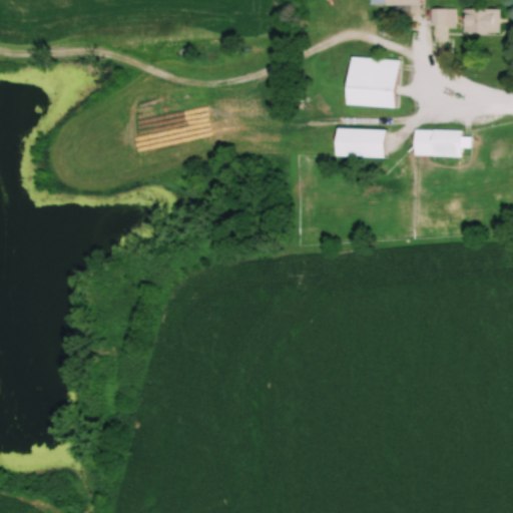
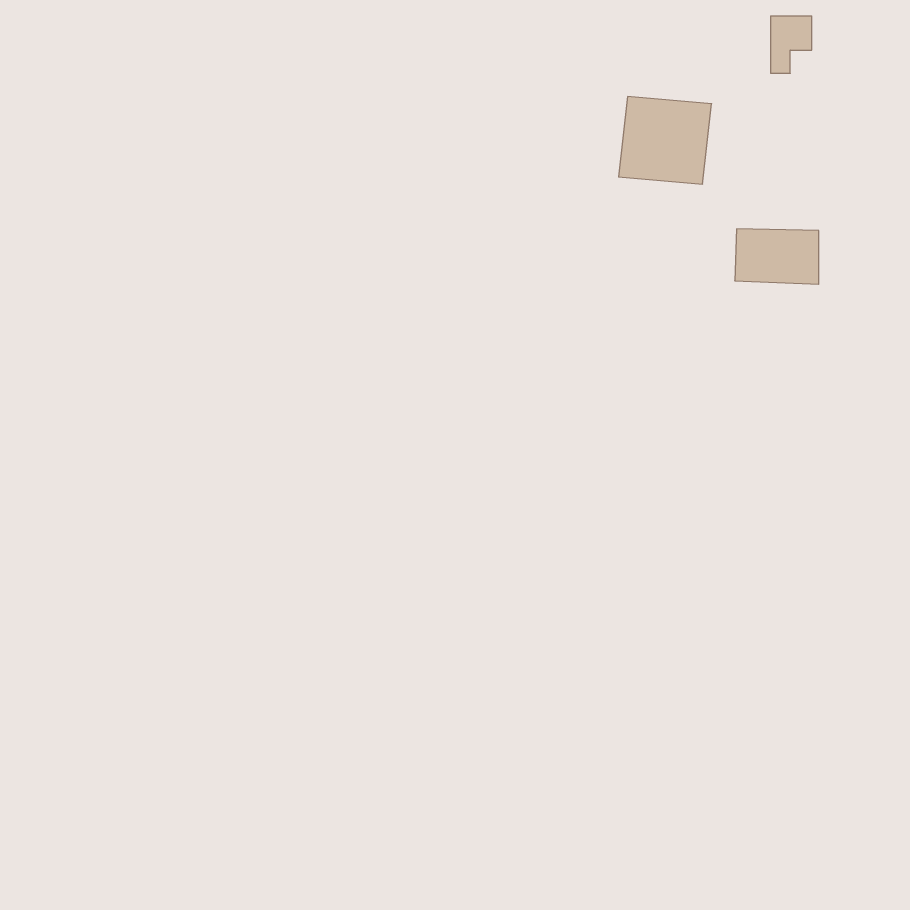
building: [465,11,501,36] -> none
building: [336,125,383,154] -> none

